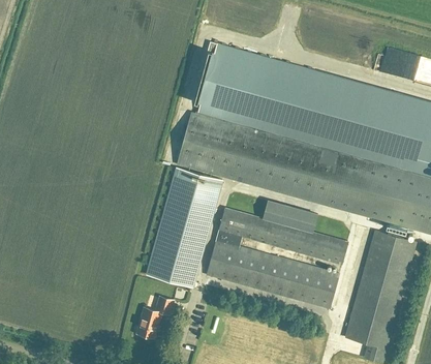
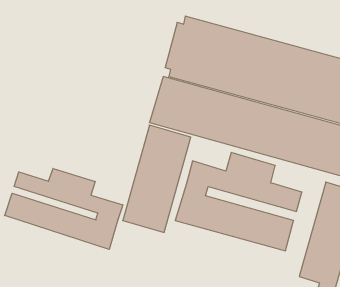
building: none -> [5,168,123,249]
building: [136,296,171,337] -> none

